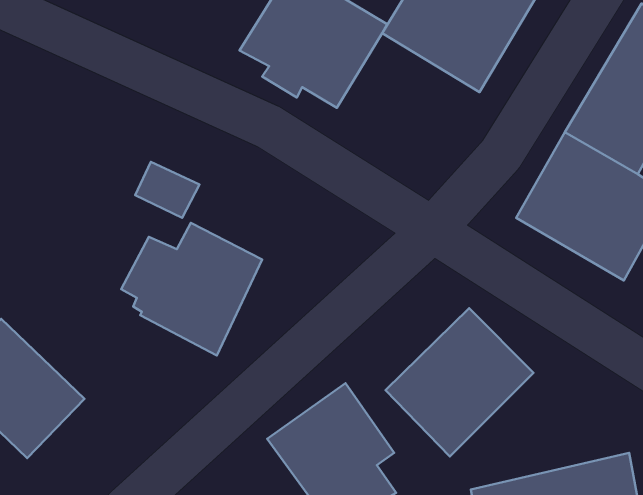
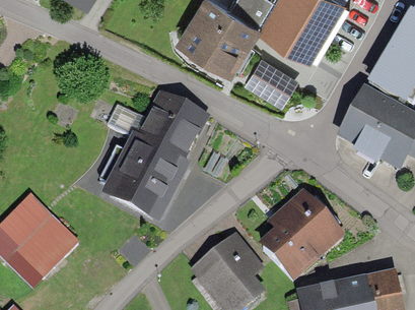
building: none -> [248,59,300,109]
building: none -> [144,99,210,165]

